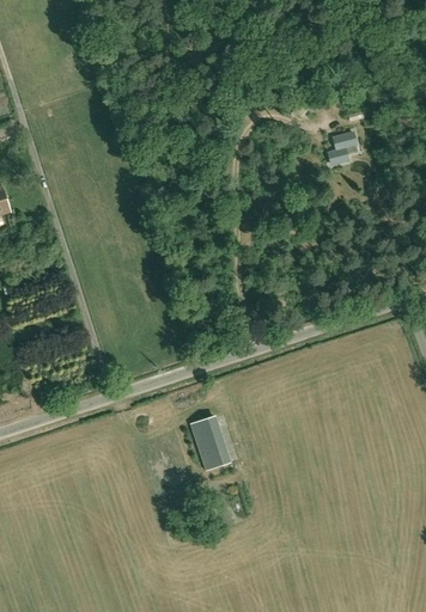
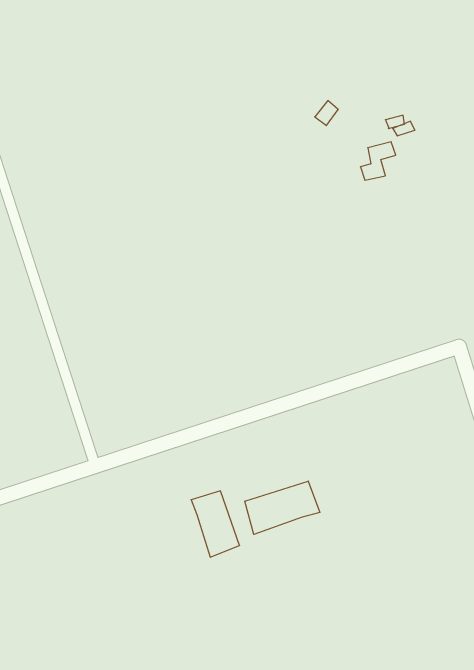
building: none -> [245,481,320,534]

